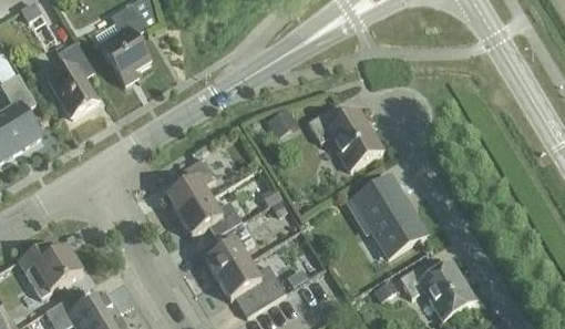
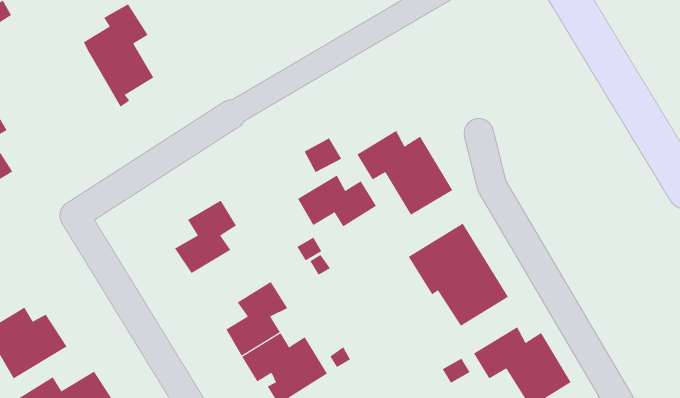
building: [44,42,96,117] -> none
building: [178,197,240,238] -> [297,175,377,227]

